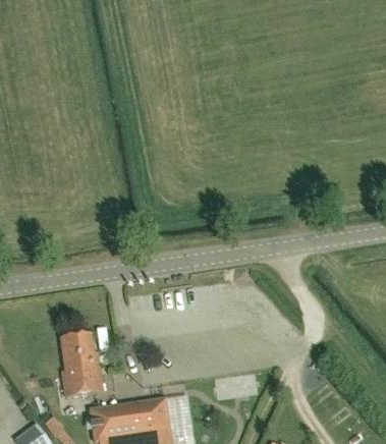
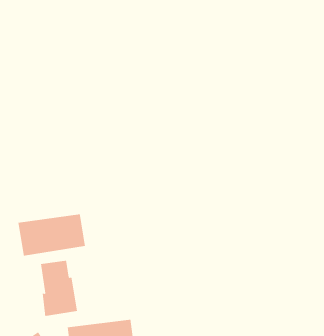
building: none -> [18,213,85,256]

